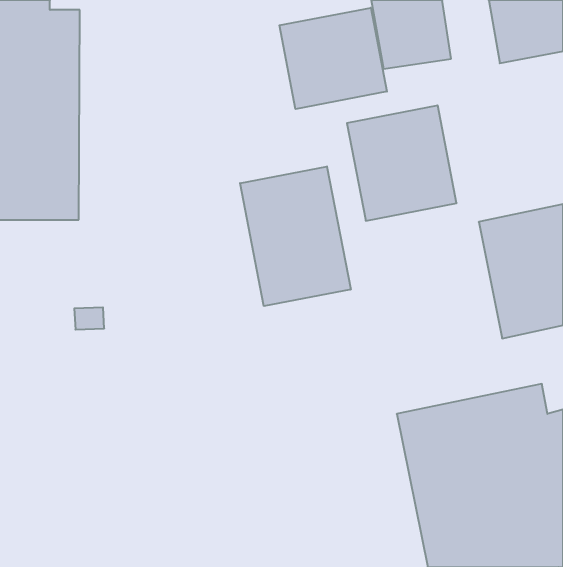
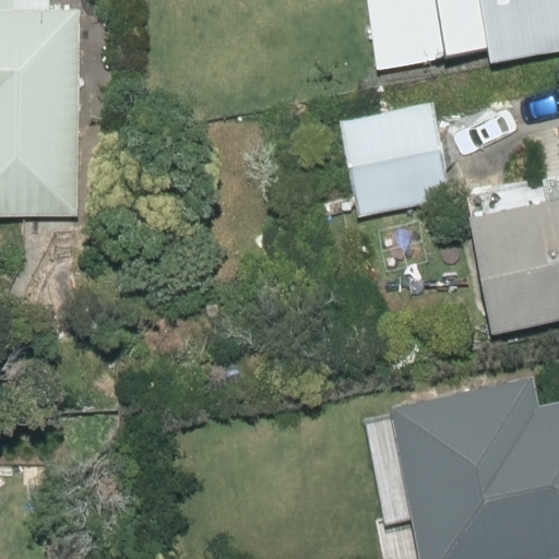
building: [279,8,387,109] -> none
building: [240,166,351,306] -> none

